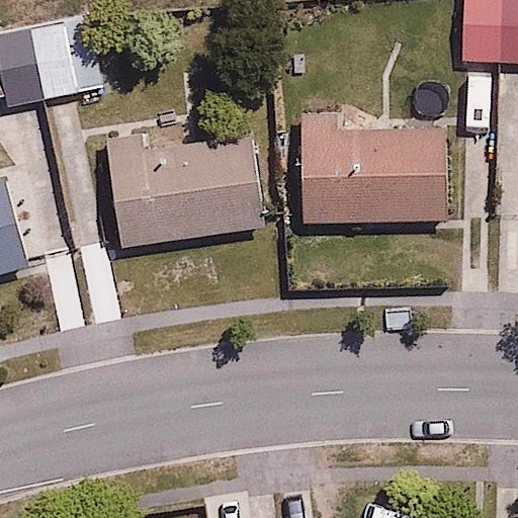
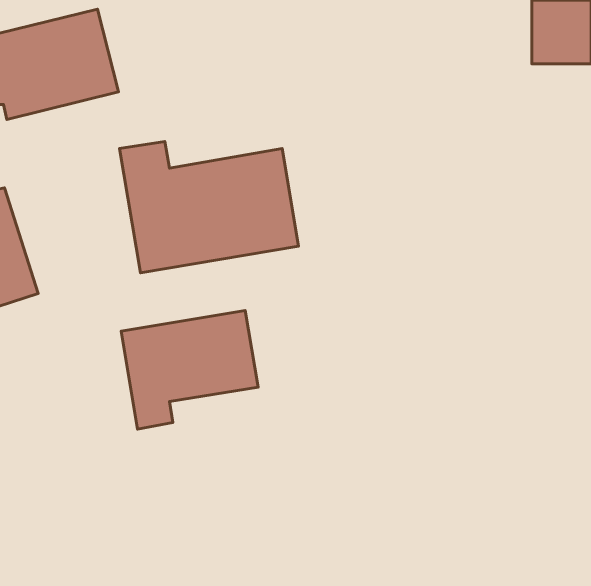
building: [303,127,449,222] -> none
building: none -> [121,311,258,429]

